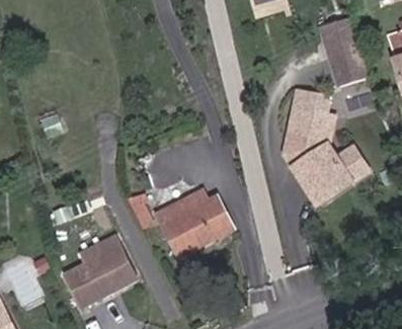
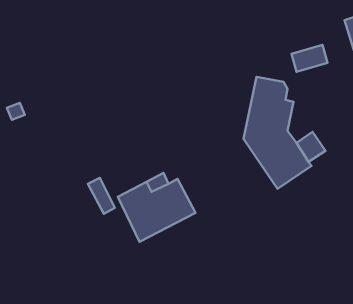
building: [319,17,363,68] -> none
building: [64,237,135,307] -> none

